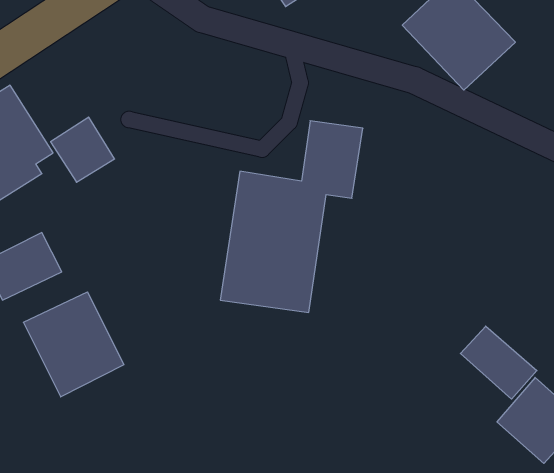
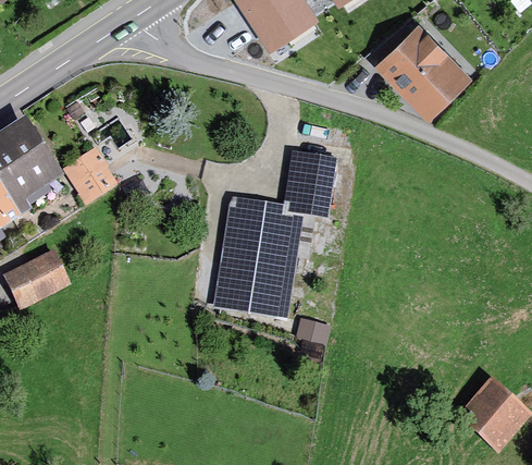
building: [23,292,124,397] -> none
building: [460,326,537,399] -> none

